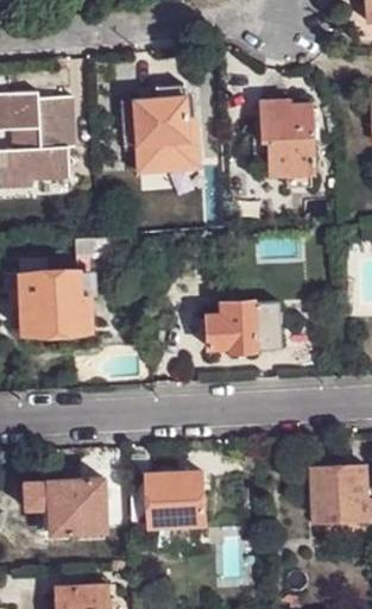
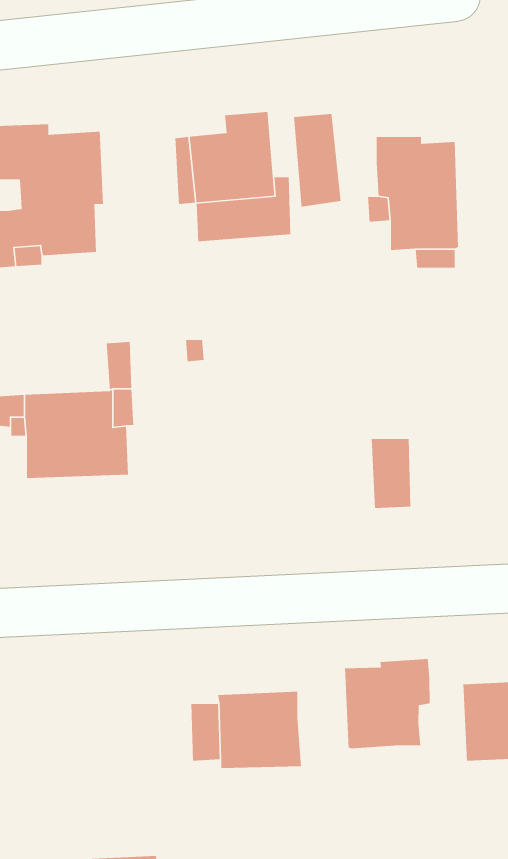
building: none -> [293,113,342,207]
building: [206,301,256,351] -> none
building: none -> [344,658,431,749]
building: [23,466,103,538] -> none

